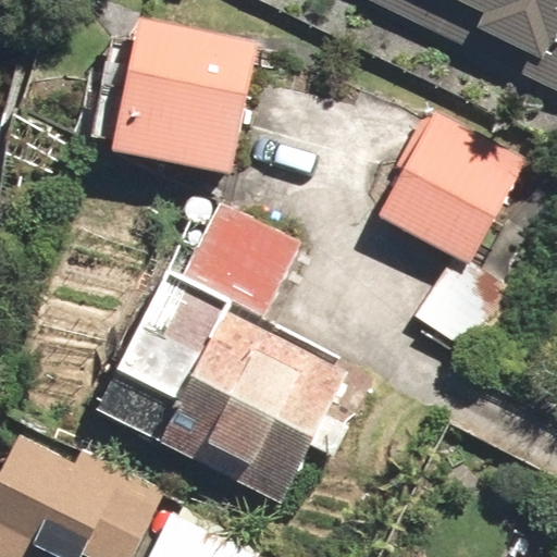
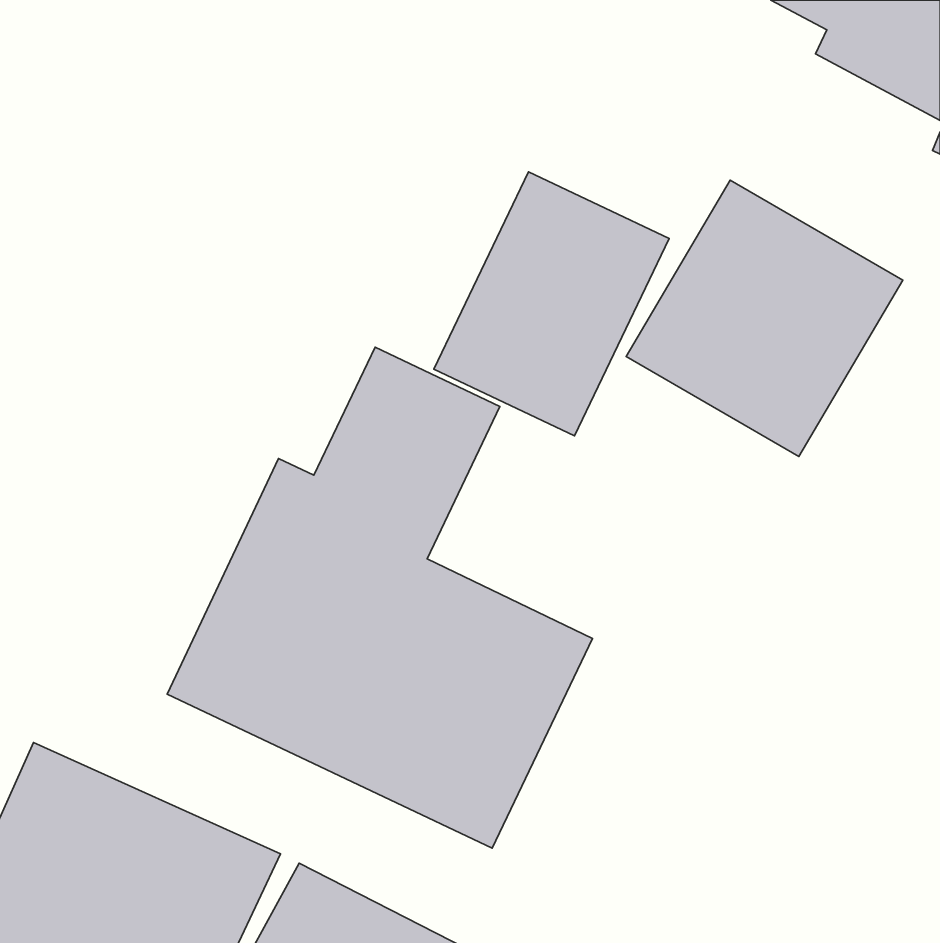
building: [110,15,256,171] -> none
building: none -> [434,172,669,436]

